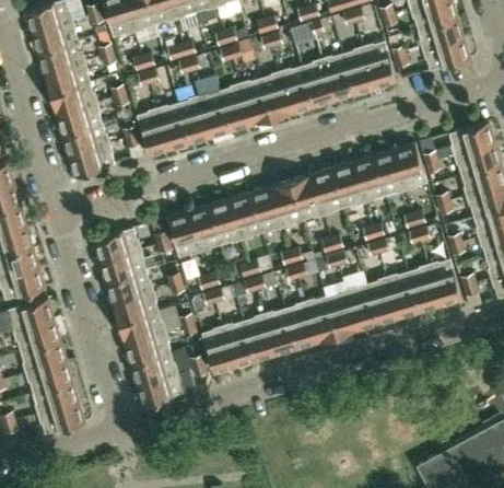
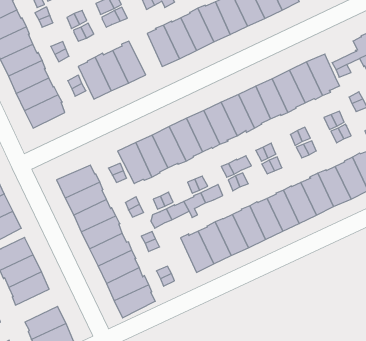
building: [198,90,231,136] -> none
building: [202,325,234,373] -> none
building: [25,360,72,393] -> none

